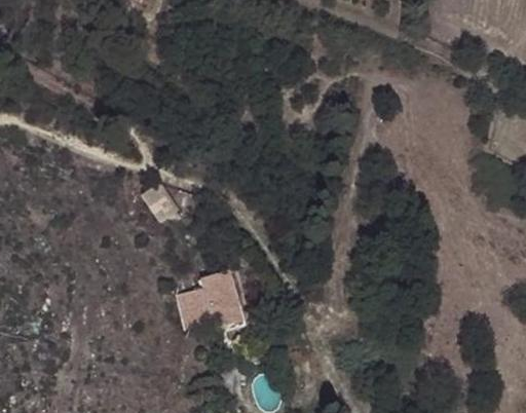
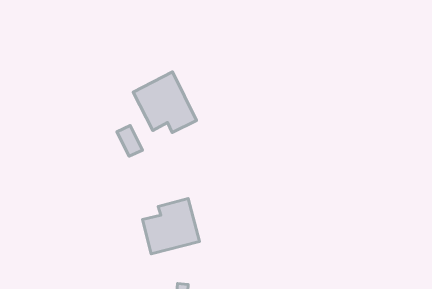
building: none -> [133,72,197,133]

